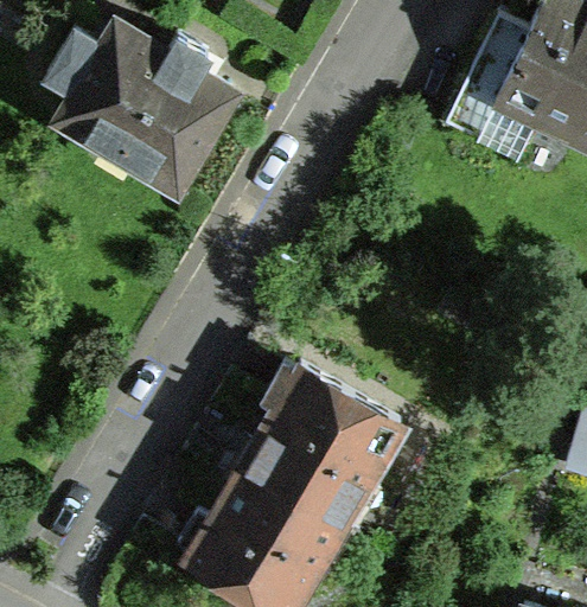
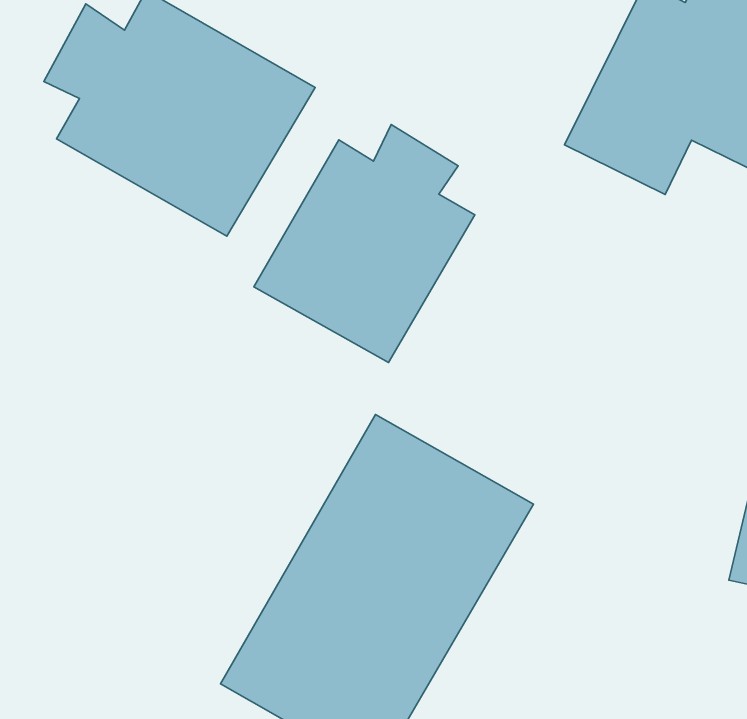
building: none -> [254,125,475,363]

